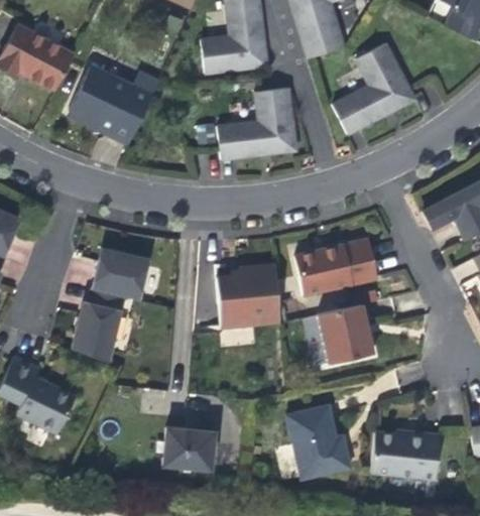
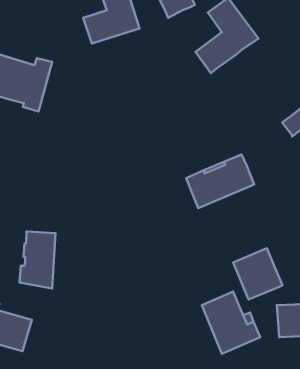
building: [218,88,295,158] -> none
building: [89,247,145,299] -> none
building: [216,267,280,328] -> none
building: [319,303,374,362] -> [233,248,282,299]
building: [162,427,215,472] -> none

